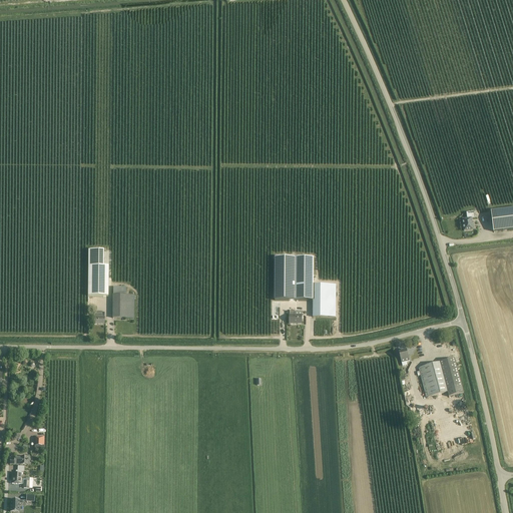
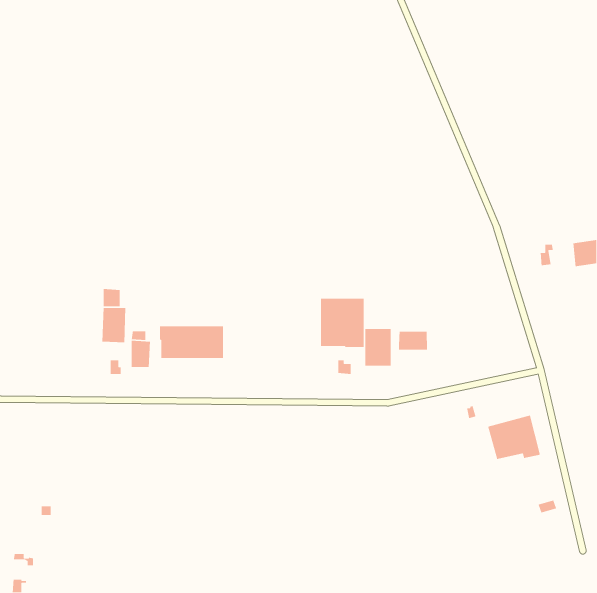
building: none -> [159,326,224,359]
building: none -> [398,331,428,351]

